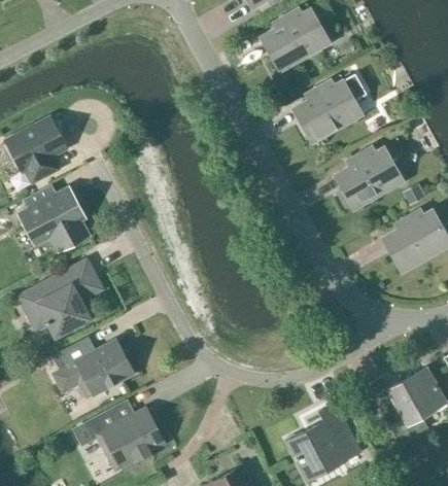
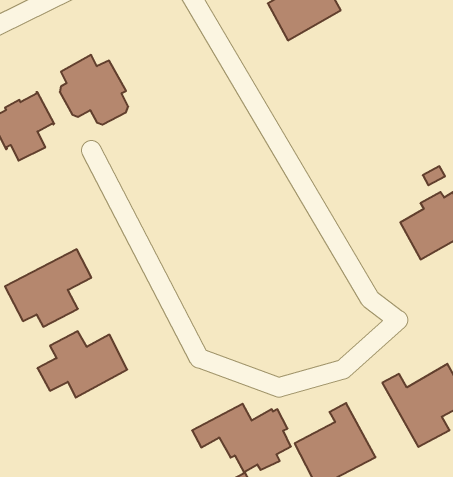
building: [294,73,365,141] -> none
building: [335,146,403,208] -> none
building: [23,183,85,247] -> [60,55,128,125]
building: [73,403,164,465] -> [192,404,291,472]

